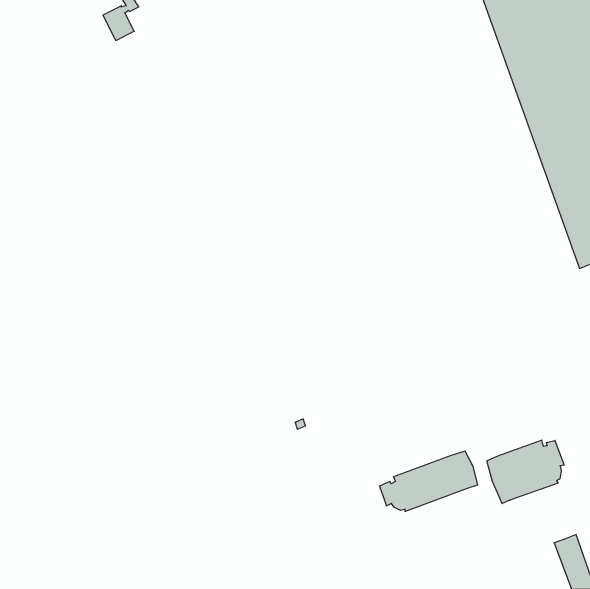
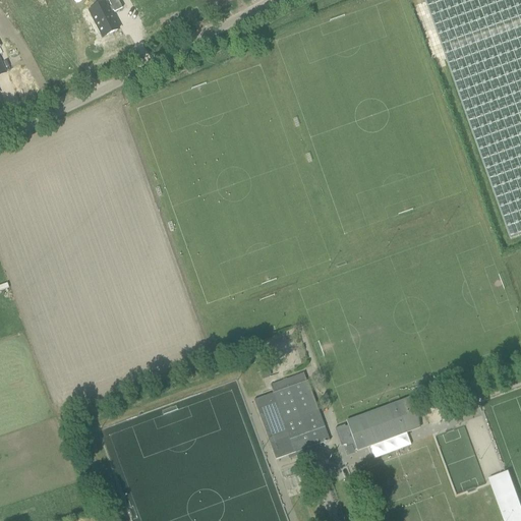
building: none -> [254,371,331,457]
building: [487,440,564,504] -> none

